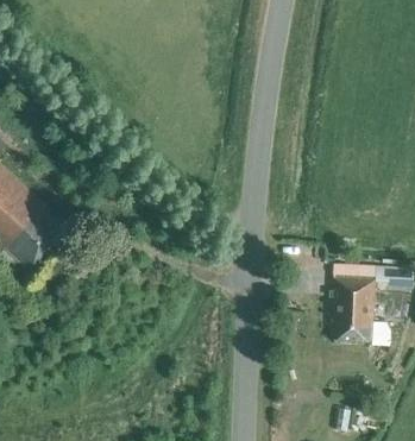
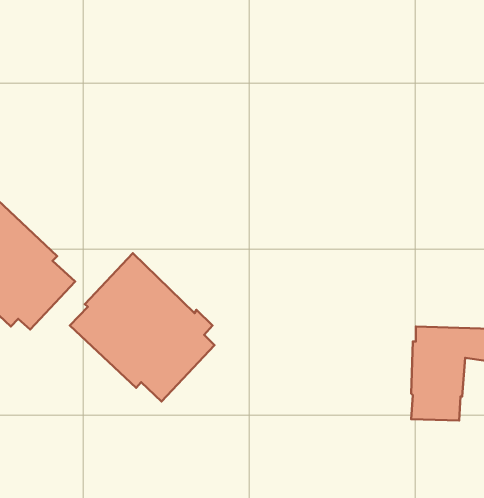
building: none -> [70,253,215,402]

